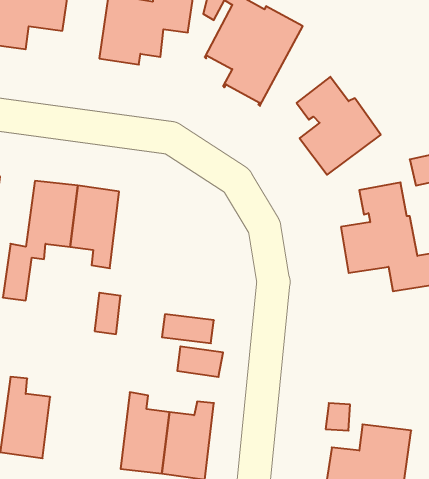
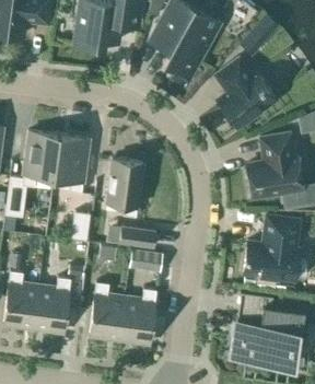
building: none -> [106,159,143,217]
building: none -> [243,214,300,288]
building: none -> [34,278,71,334]

